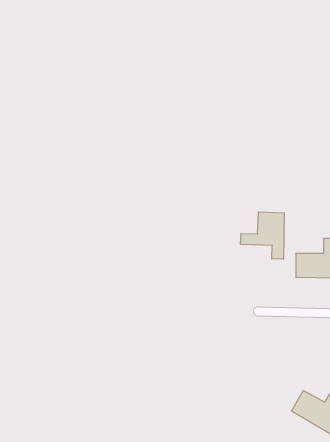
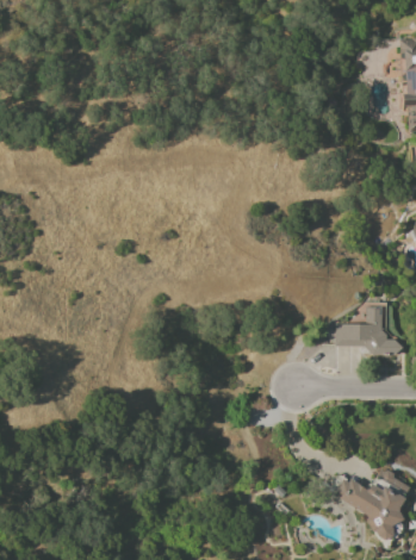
building: [241,212,284,259] -> none

